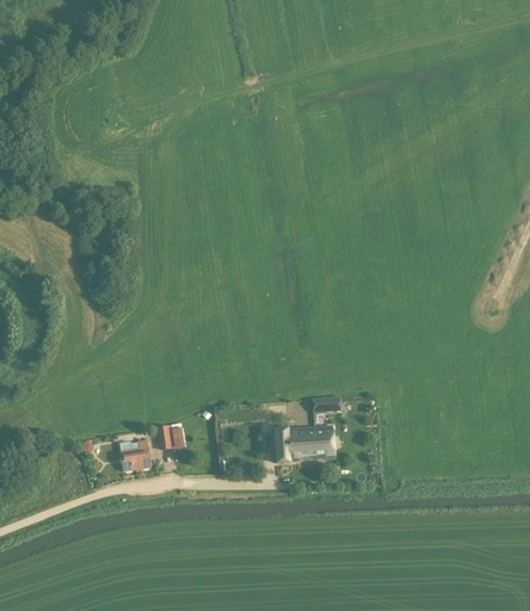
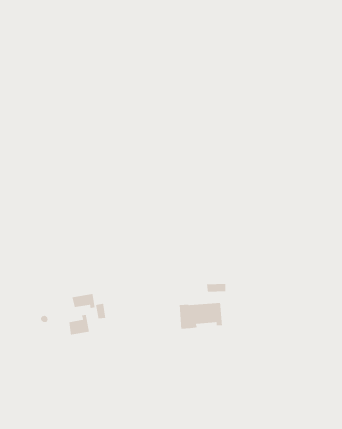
building: none -> [72,293,95,309]

